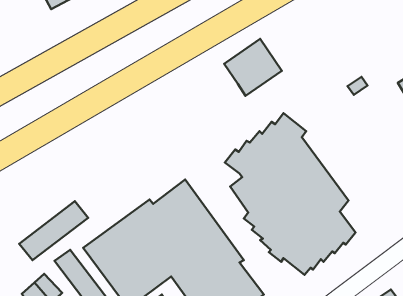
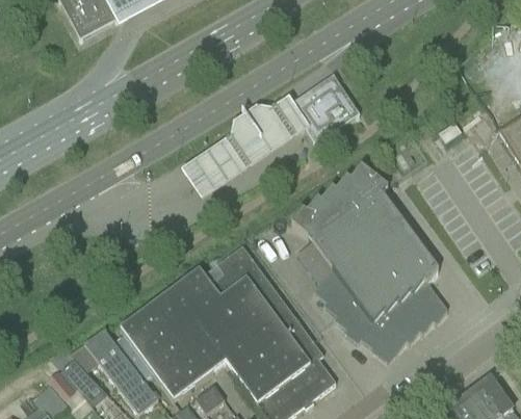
building: none -> [180,96,306,200]
building: [19,201,88,260] -> none

